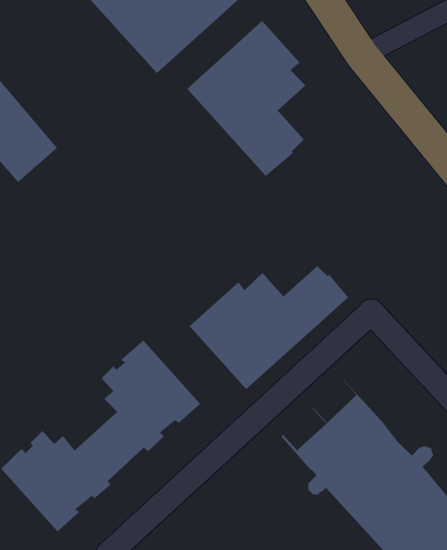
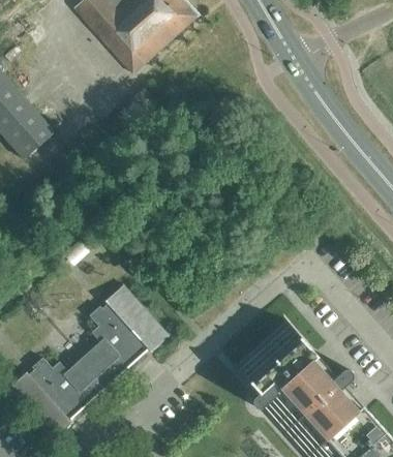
building: [186,20,306,177] -> none
building: [189,265,349,390] -> none

